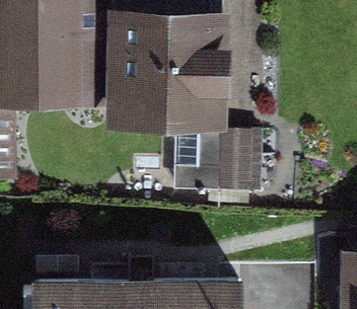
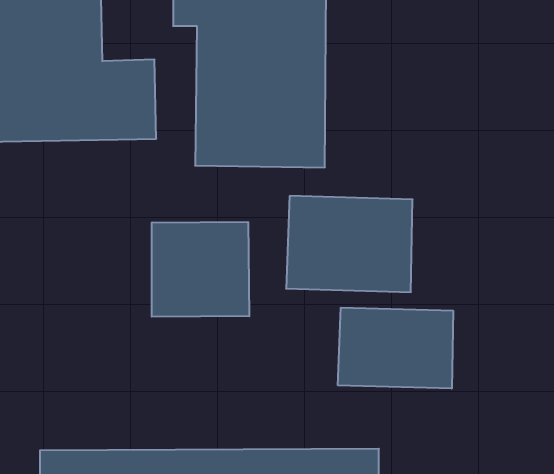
building: none -> [152,222,249,317]
building: none -> [338,308,453,389]

